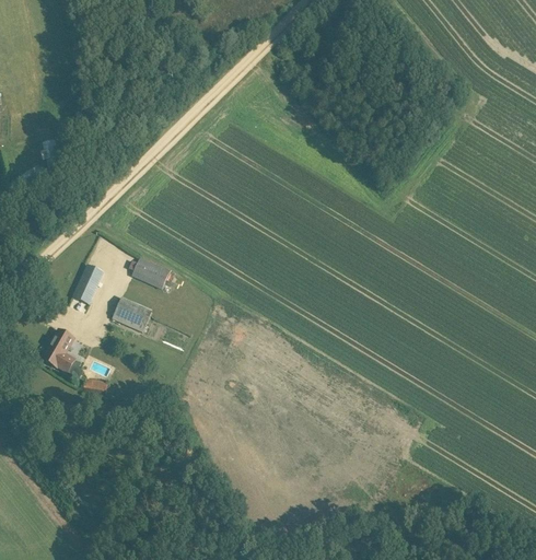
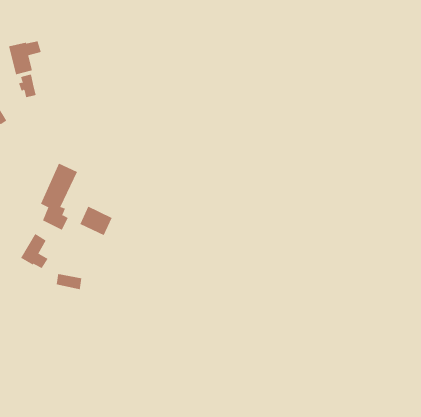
building: none -> [9,40,41,75]
building: [133,258,171,289] -> none

